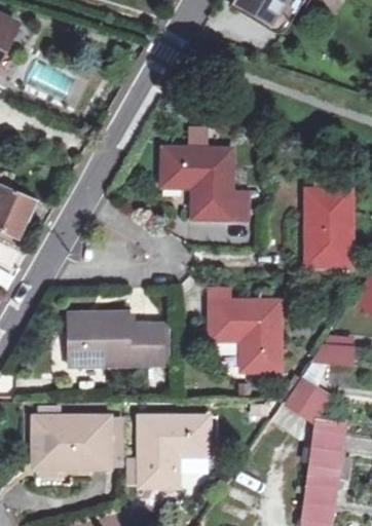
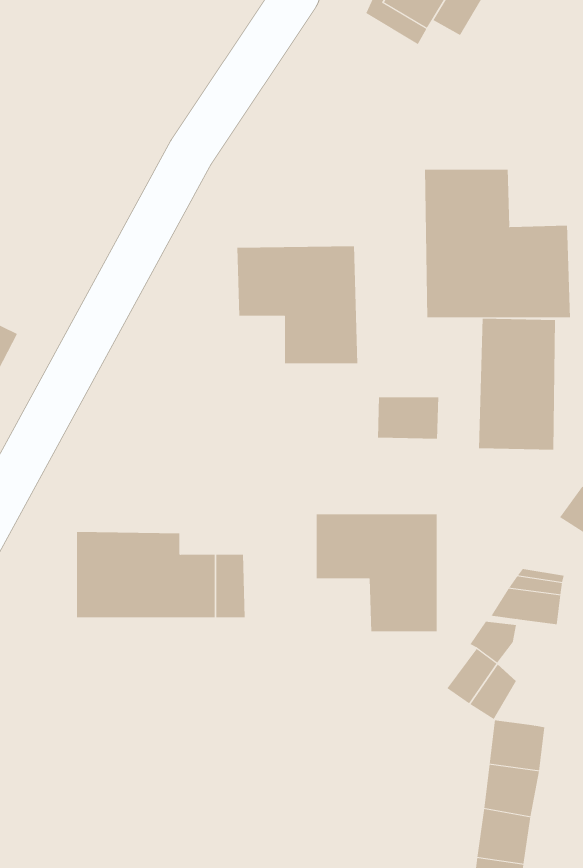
building: none -> [424,169,570,318]
building: none -> [377,397,439,439]
building: [30,416,108,468] -> none
building: [136,418,200,502] -> none

